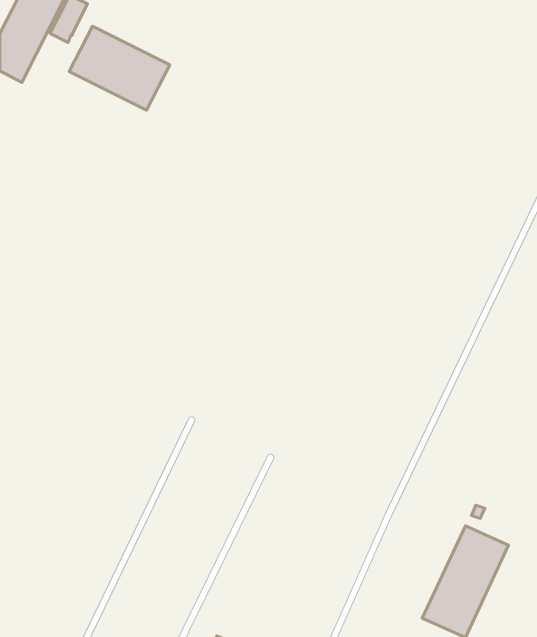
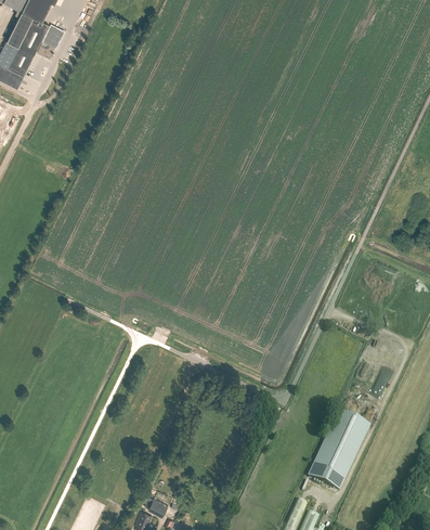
building: [69,26,170,110] -> none

